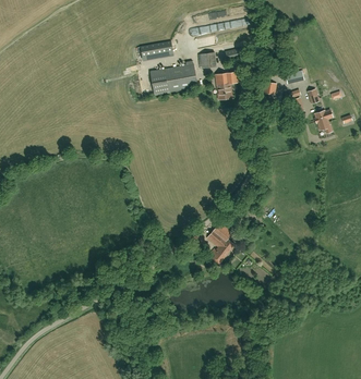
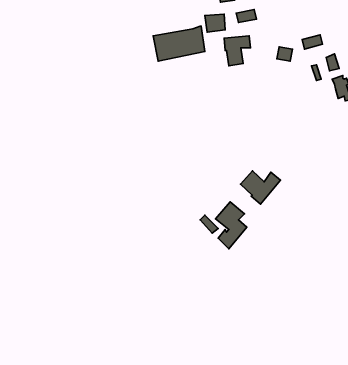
building: none -> [240,171,280,204]

